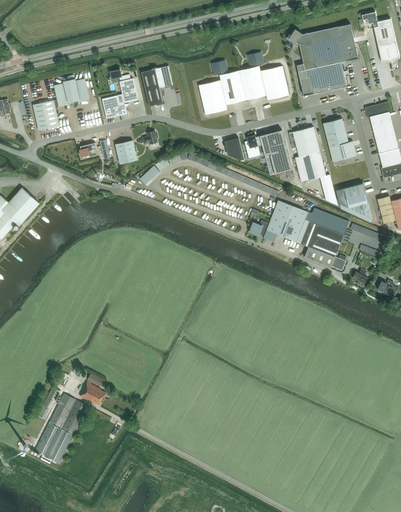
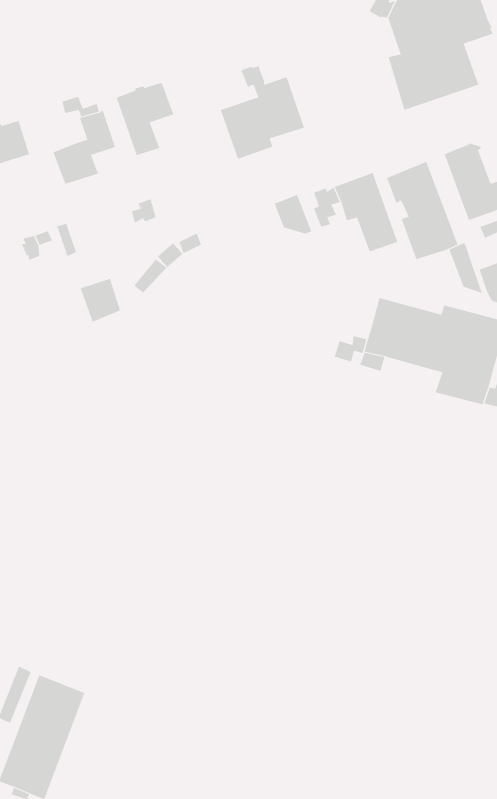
building: [239,53,289,100] -> none
building: [115,140,137,164] -> [80,278,121,322]
building: [80,373,107,405] -> none

